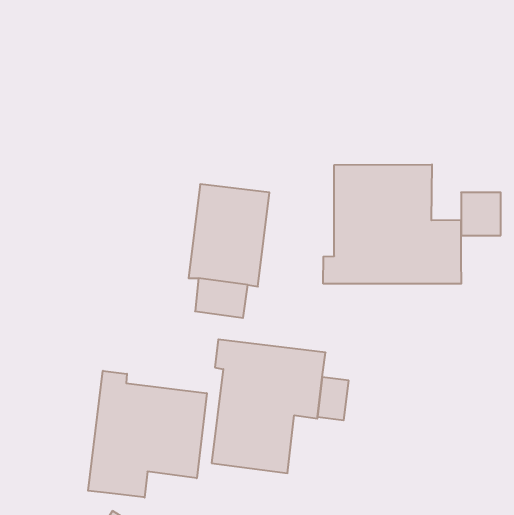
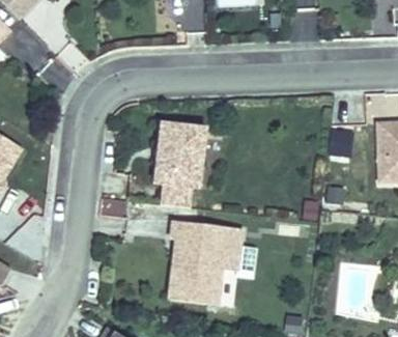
building: [323,164,461,284] -> none
building: [88,371,207,498] -> none

